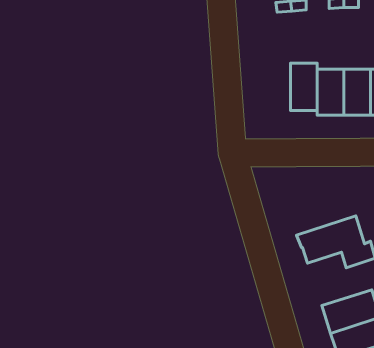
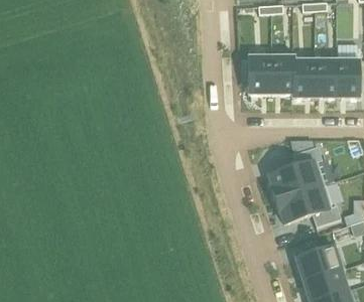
building: none -> [247,54,269,94]
building: none -> [268,143,324,197]

